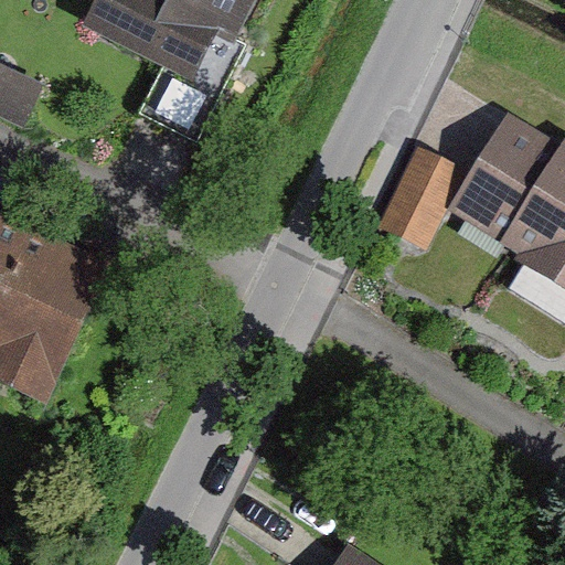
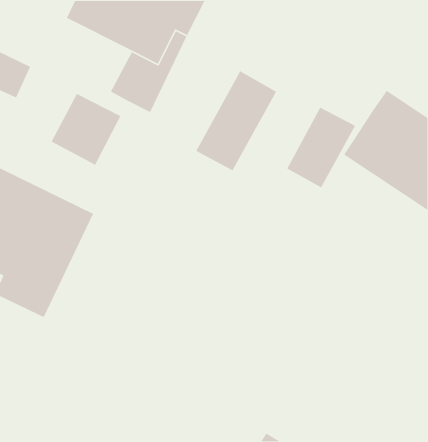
building: none -> [195,70,277,171]
building: none -> [51,93,121,166]

